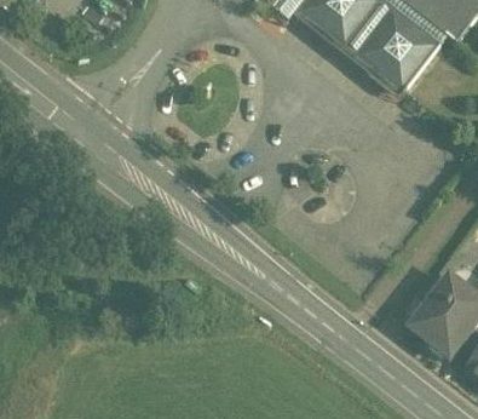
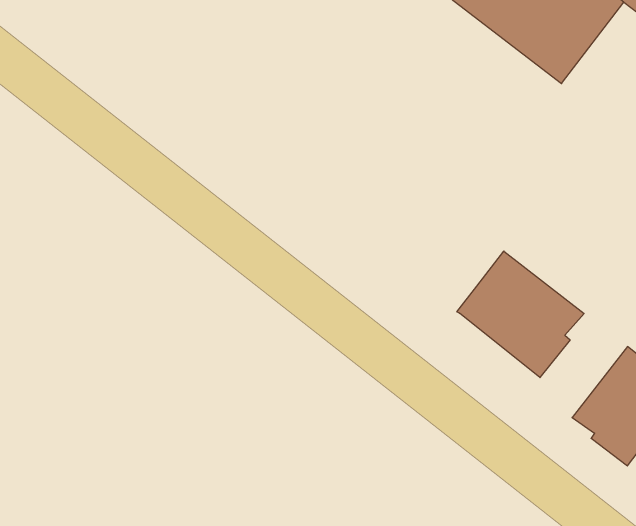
building: none -> [457,251,584,378]

